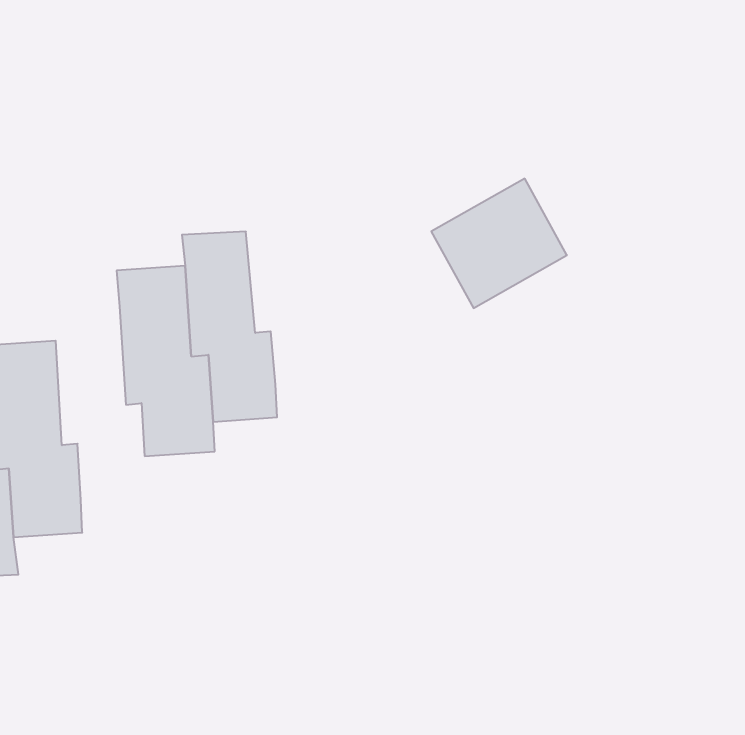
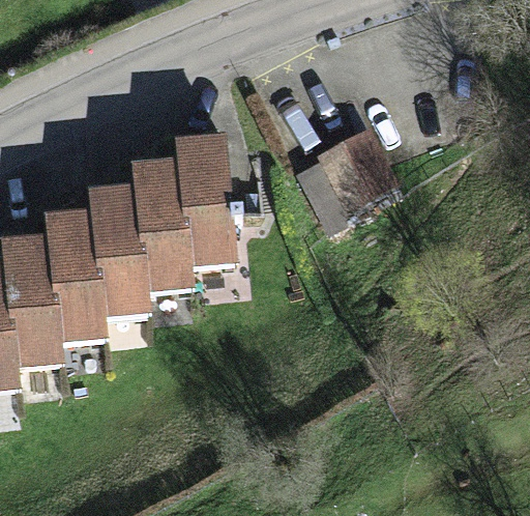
building: none -> [173,136,235,265]
building: none -> [46,213,108,342]

